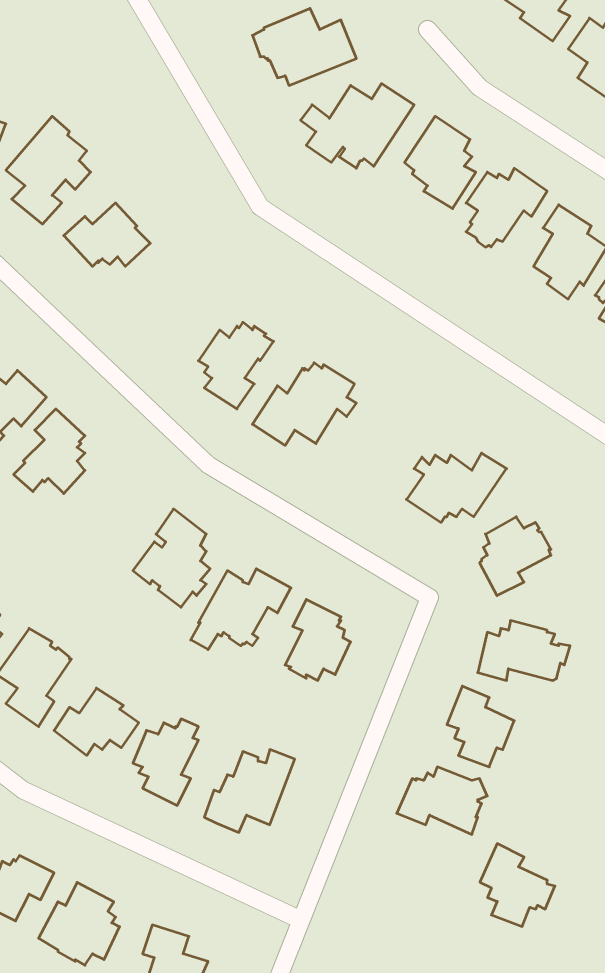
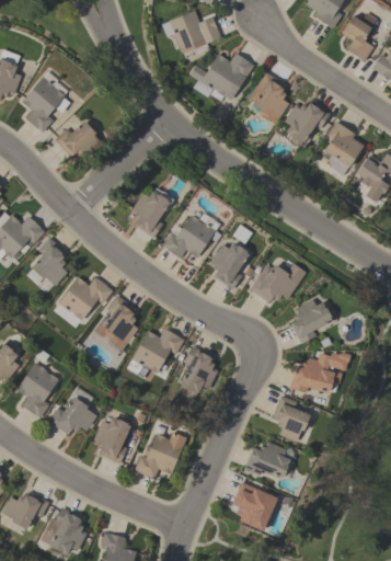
building: none -> [211,242,250,290]
building: none -> [58,277,113,320]
building: [480,844,555,926] -> [232,481,275,528]

